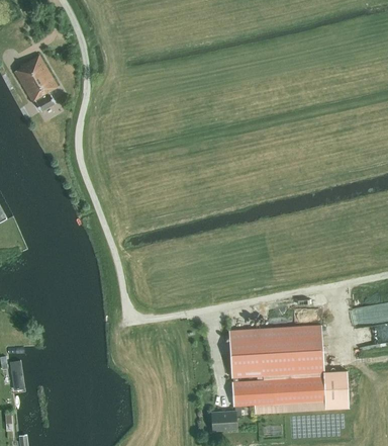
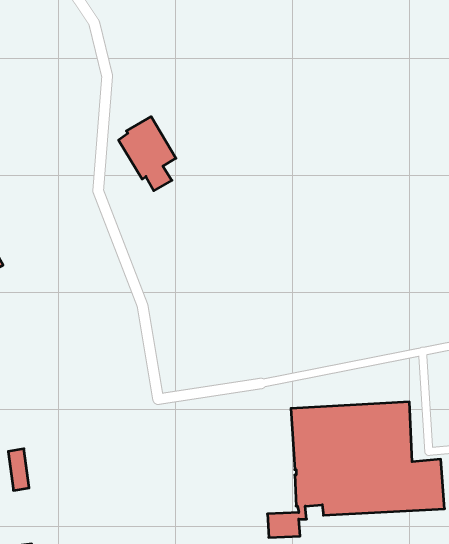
building: [13,54,58,111] -> [119,117,176,191]

